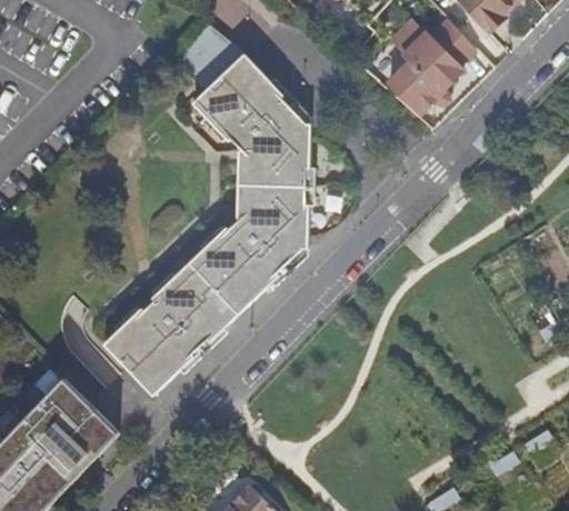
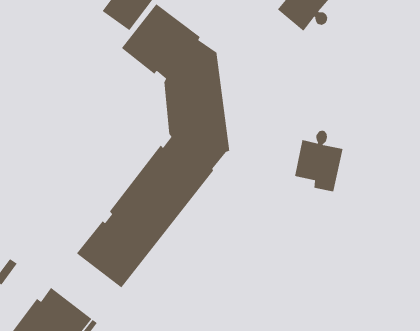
building: none -> [294,130,343,193]

